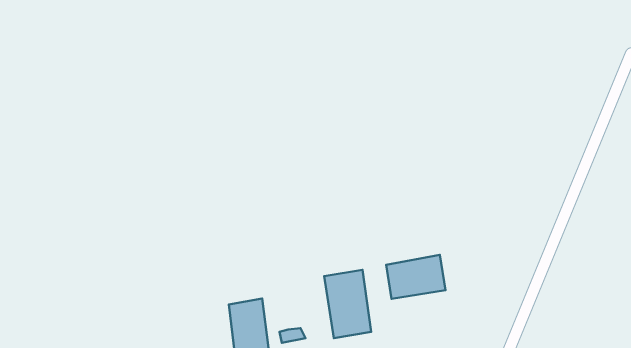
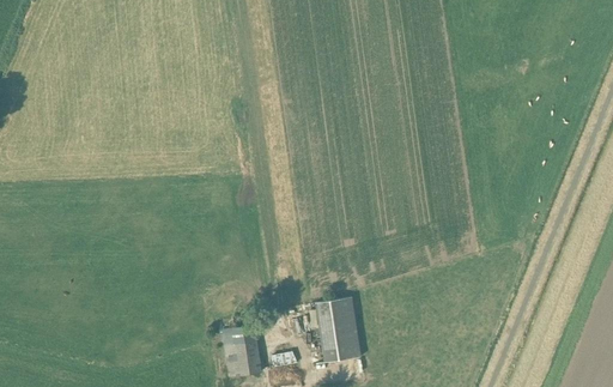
building: [386,255,446,299] -> none

